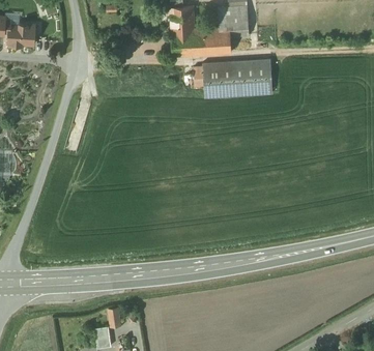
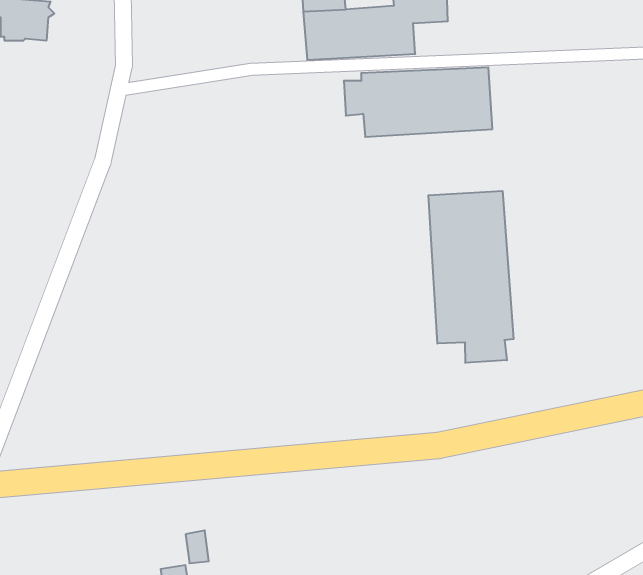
building: none -> [428,191,514,363]

